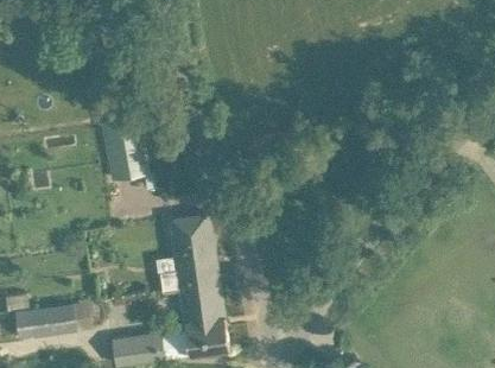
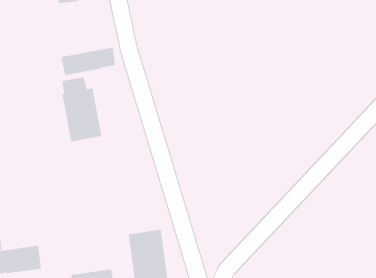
building: none -> [61,47,116,76]
building: [161,216,221,293] -> none

